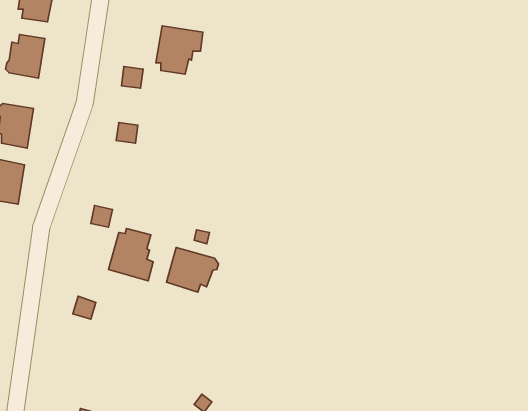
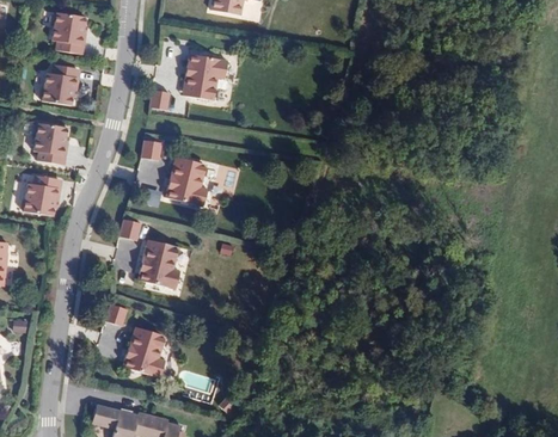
building: none -> [172,159,213,207]
building: [166,248,219,292] -> none
building: none -> [122,328,164,377]

